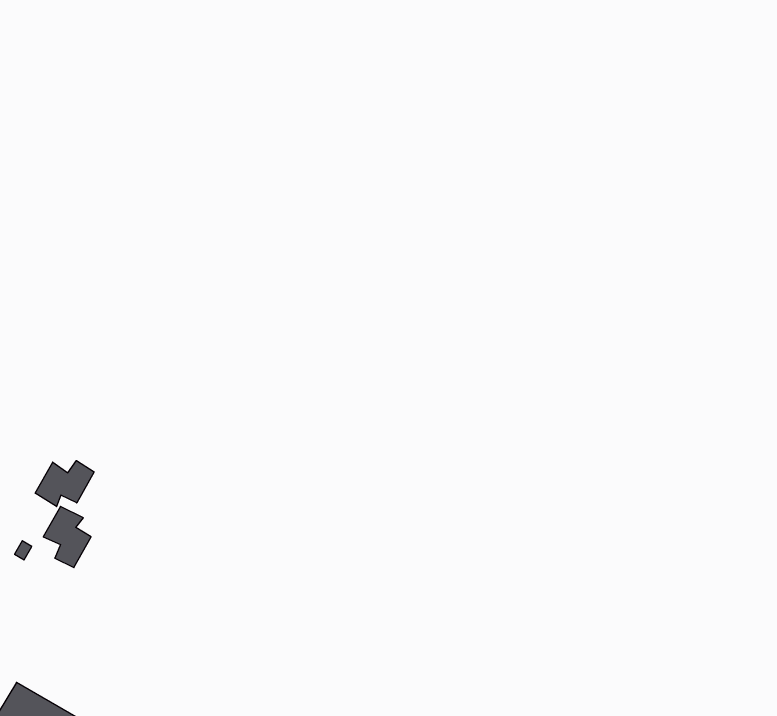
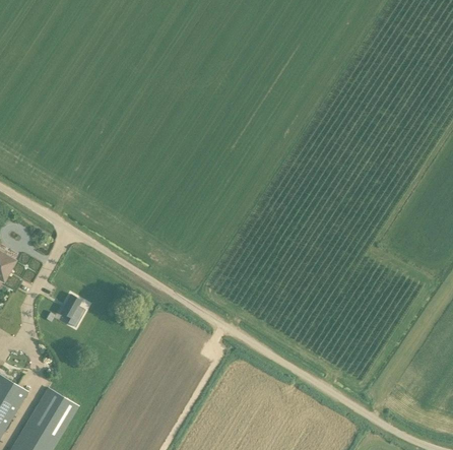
building: [35,461,94,507] -> none

